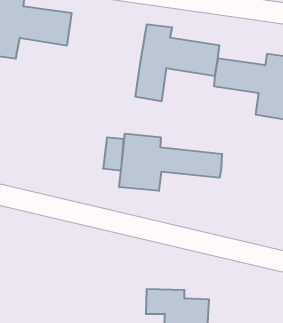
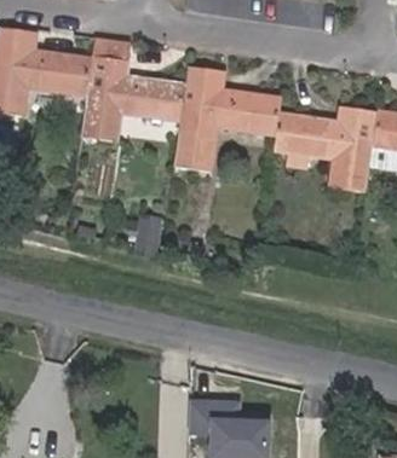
building: none -> [81,54,186,139]
building: [119,134,222,191] -> none

